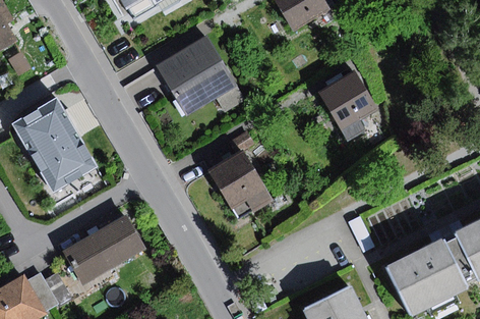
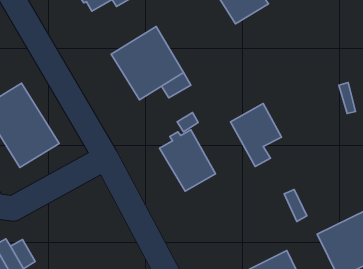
building: [321,72,378,143] -> [230,103,282,167]
building: [62,214,145,285] -> none

